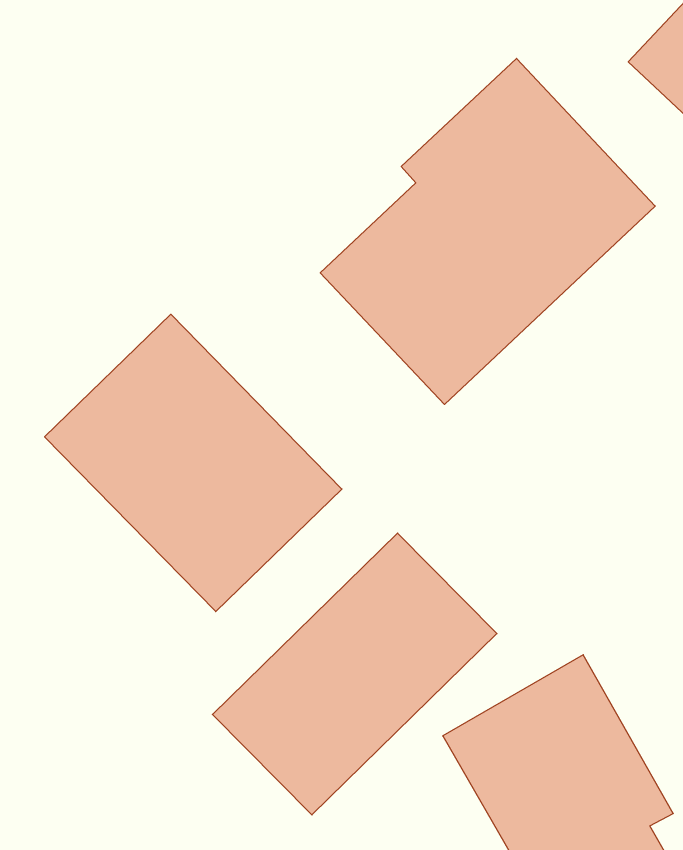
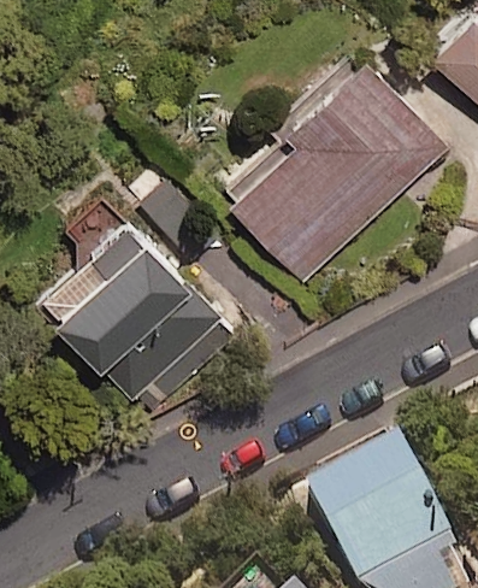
building: [212,533,497,815] -> none

